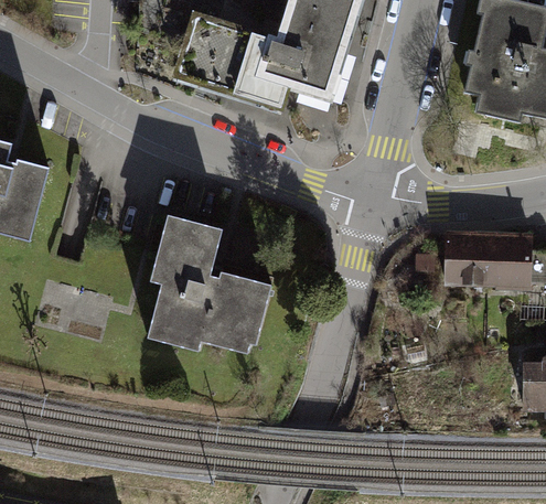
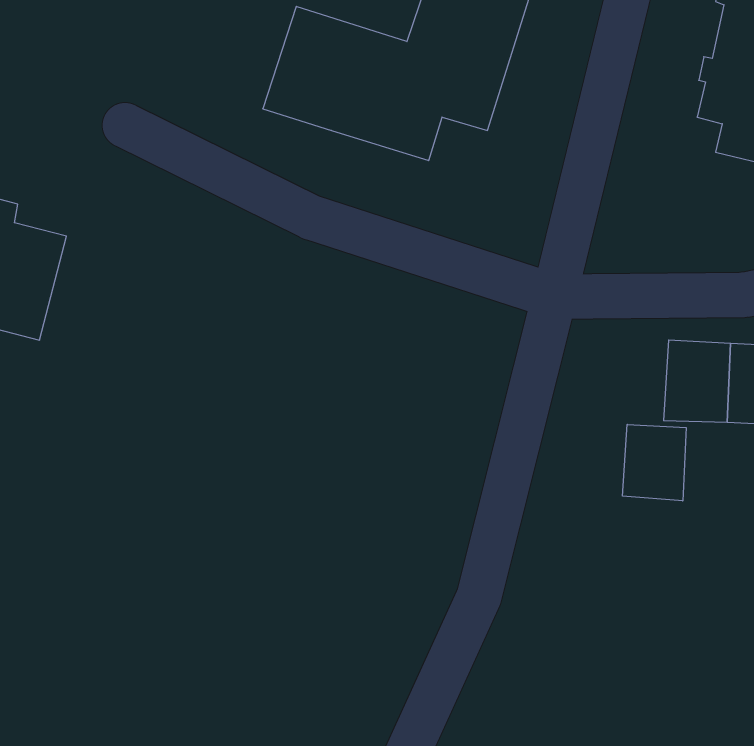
building: [147,211,269,353] -> none
building: none -> [623,424,686,501]

